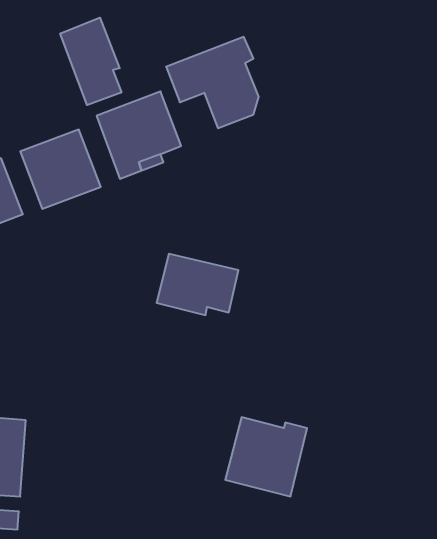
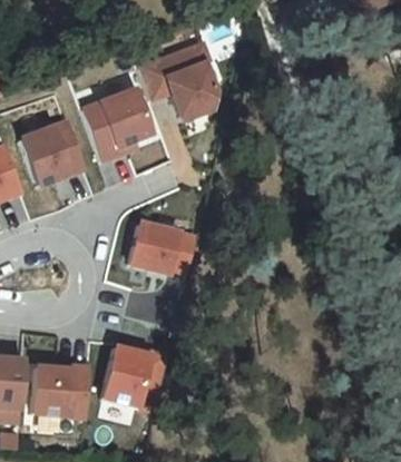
building: [60,18,121,105] -> none
building: [225,417,307,496] -> [104,344,170,409]
building: none -> [31,363,90,415]

